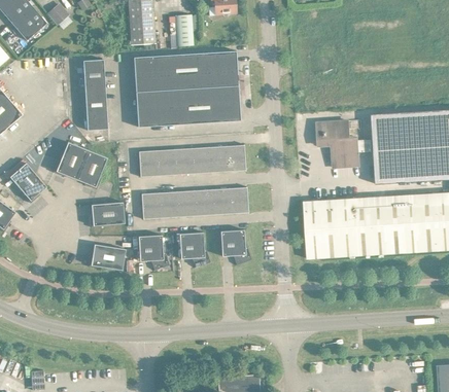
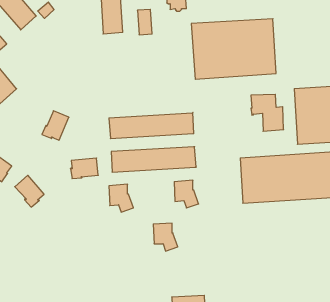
building: [133,51,240,128] -> [191,19,276,79]
building: [82,60,107,131] -> none
building: [75,150,107,189] -> none
building: [9,163,46,203] -> [15,175,44,207]
building: [179,233,210,268] -> [153,223,178,251]
building: [89,244,125,270] -> none

